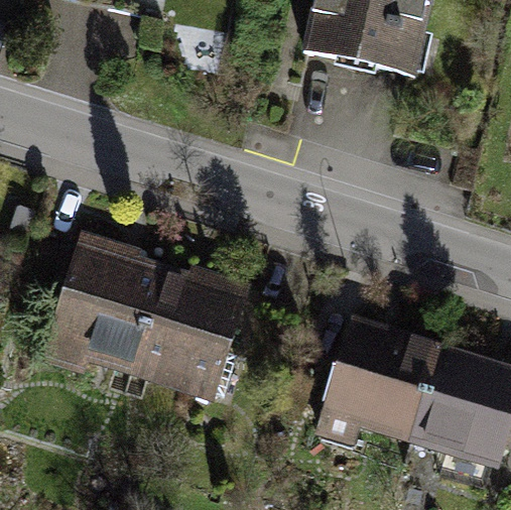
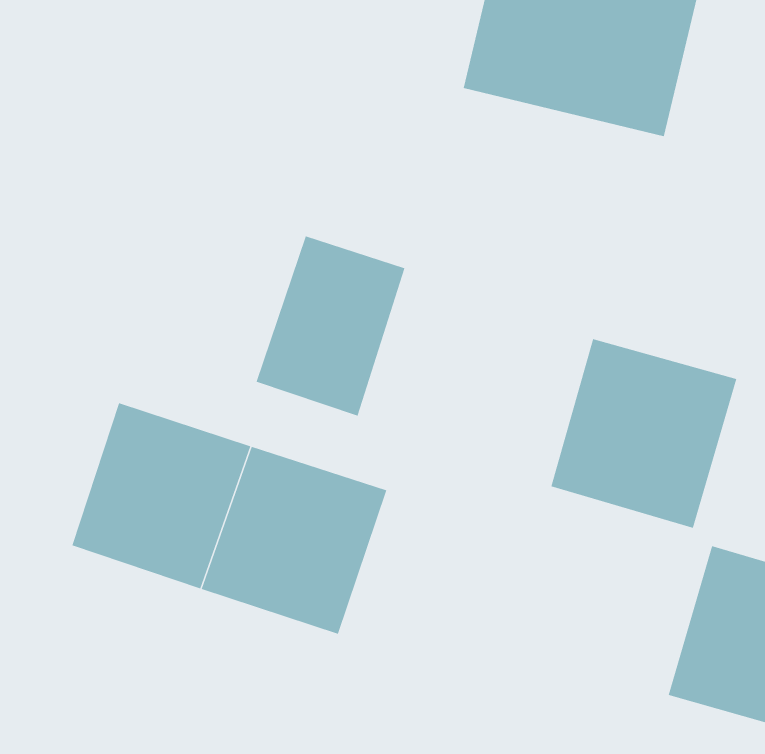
building: none -> [256,235,405,417]
building: [325,318,436,432] -> [551,339,737,529]

